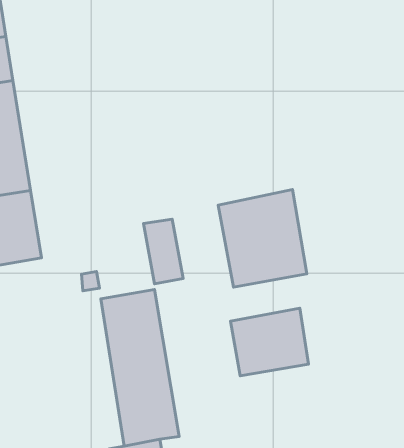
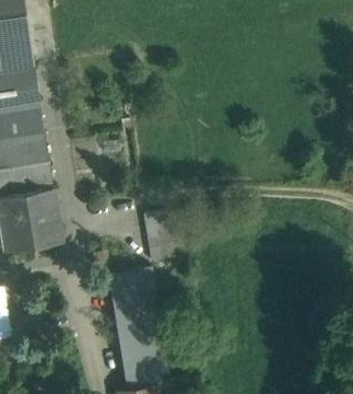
building: [218,190,307,287] -> none
building: [231,308,309,376] -> none

